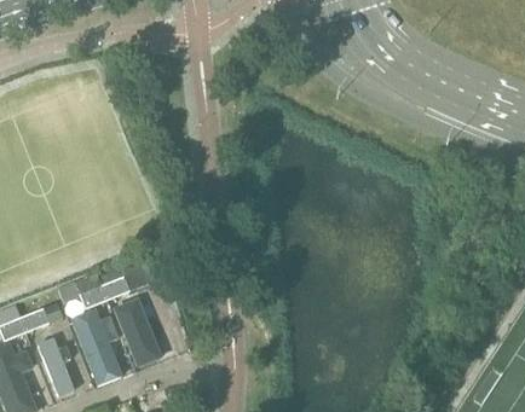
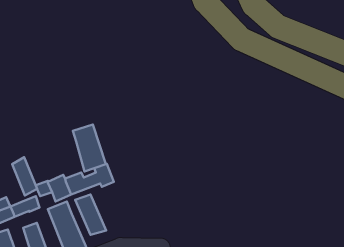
building: none -> [73,125,106,171]
building: none -> [12,157,37,195]

